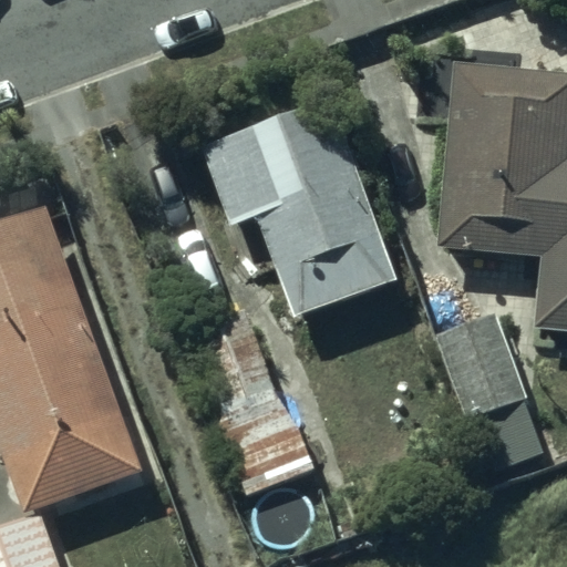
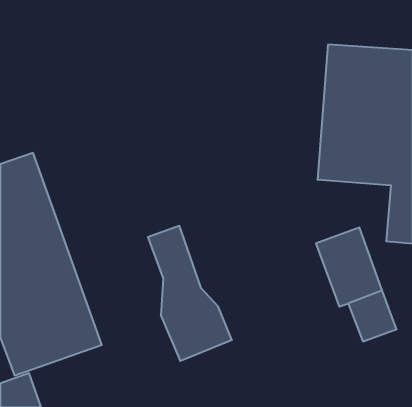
building: [198,100,400,318] -> none

